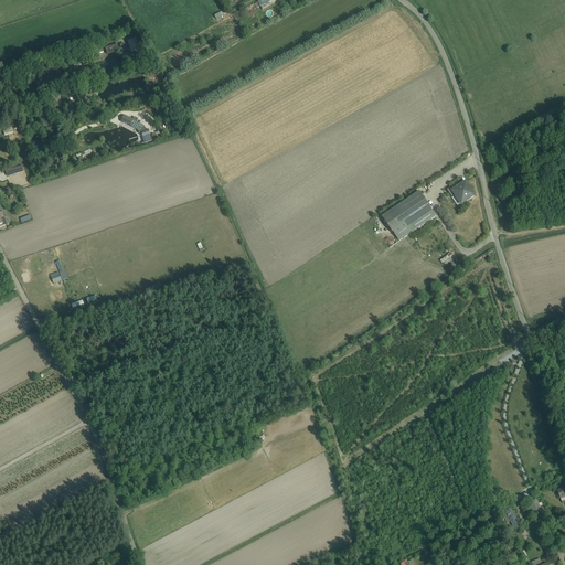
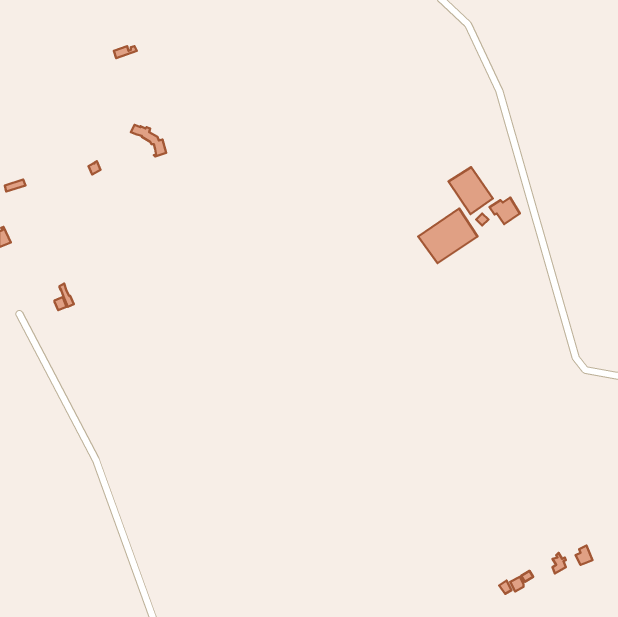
building: none -> [448,167,493,214]

